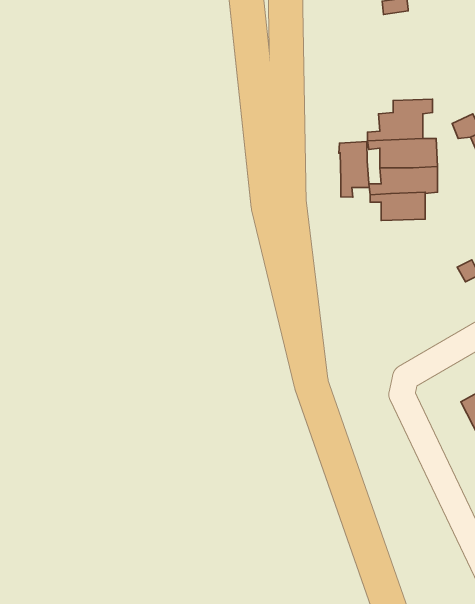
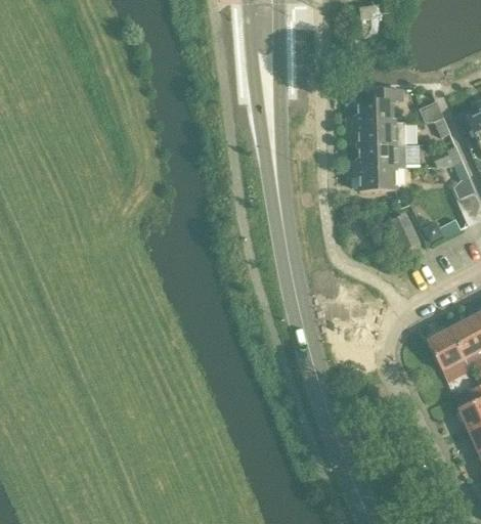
building: [339,142,369,197] -> none
building: none -> [390,214,421,251]

